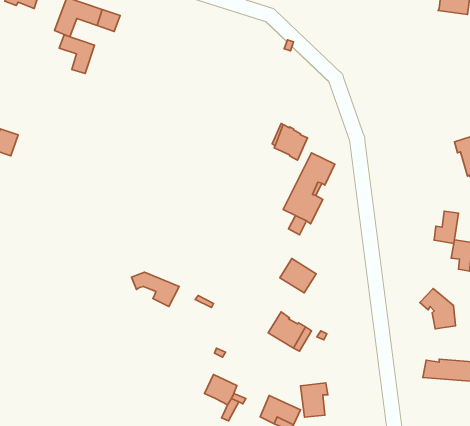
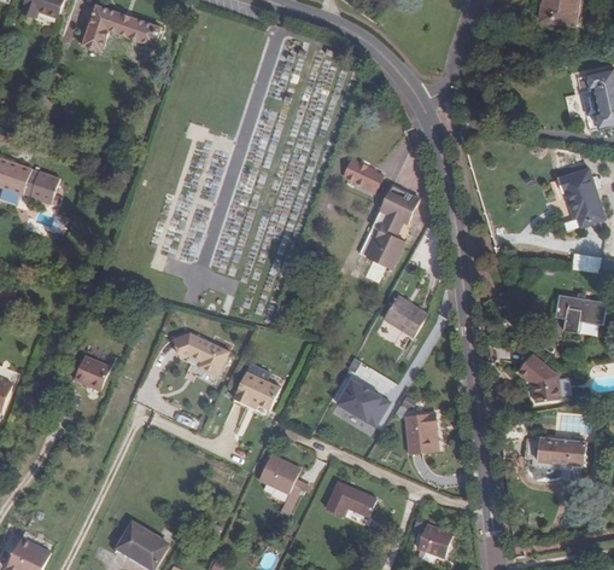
building: [59,35,94,73] -> none
building: none -> [30,169,60,202]
building: [434,211,458,243] -> none
building: [280,259,316,293] -> [384,296,427,337]
building: none -> [72,353,110,388]
building: none -> [234,372,279,411]
building: [301,383,328,417] -> [405,412,438,453]

